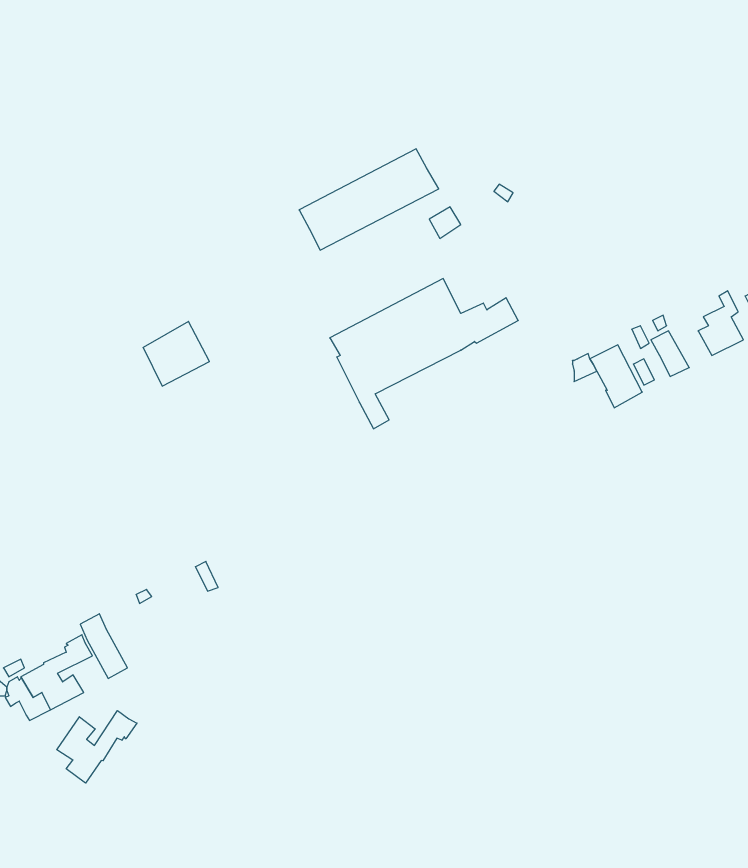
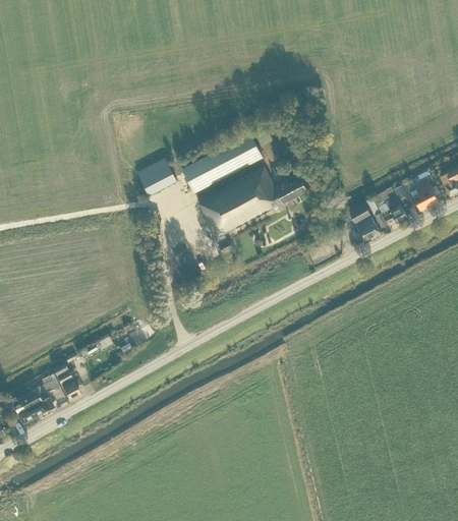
building: [299,149,439,250] -> [182,134,264,193]
building: [143,321,209,386] -> [138,159,177,196]
building: [57,711,137,783] -> none

